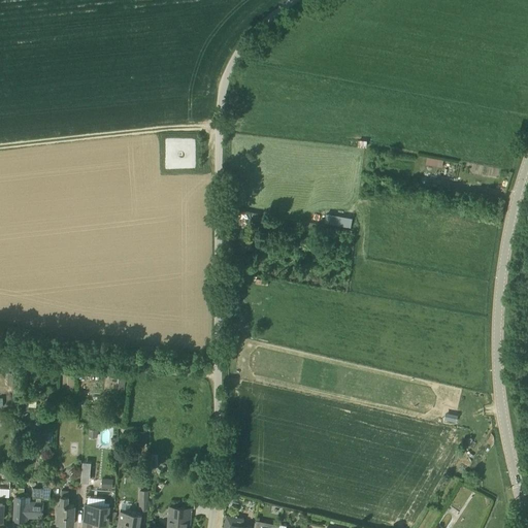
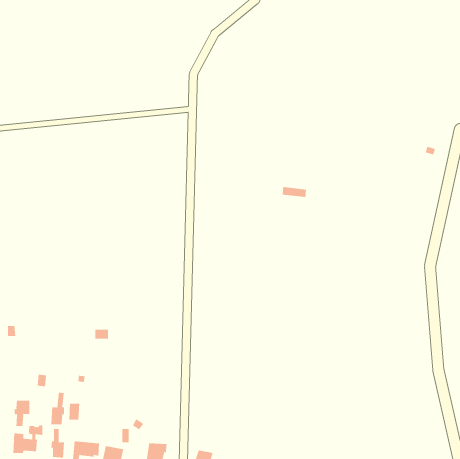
building: none -> [51,392,64,425]
building: none -> [14,400,30,427]

